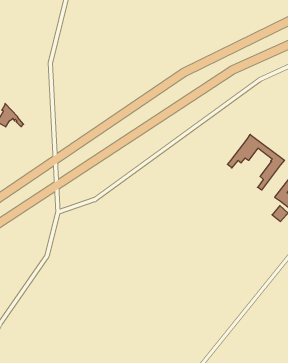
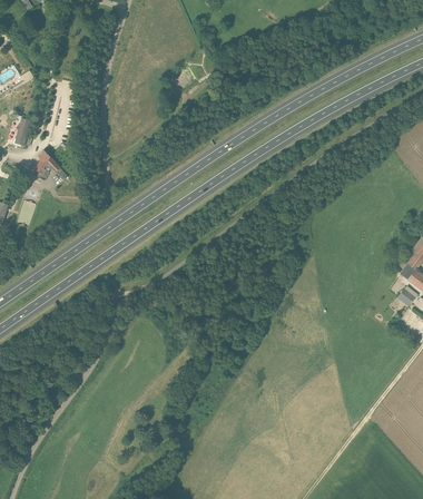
building: [227,134,284,190] -> none

